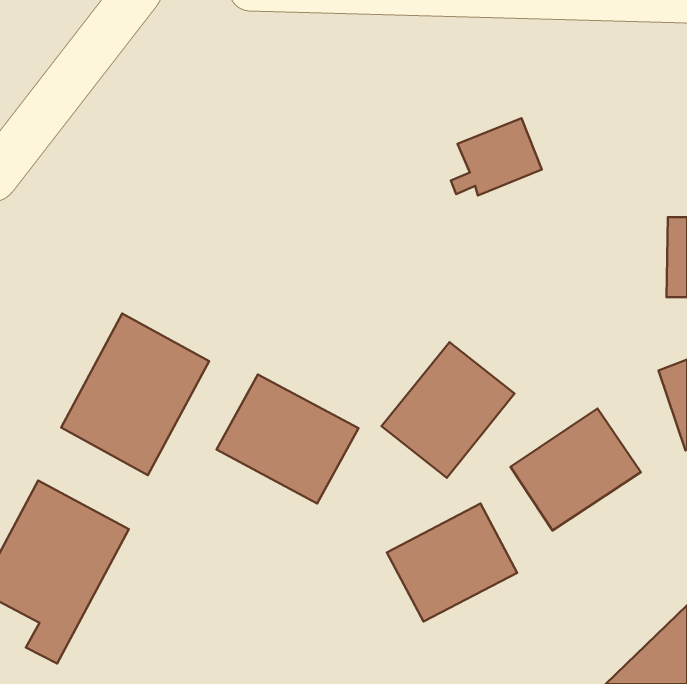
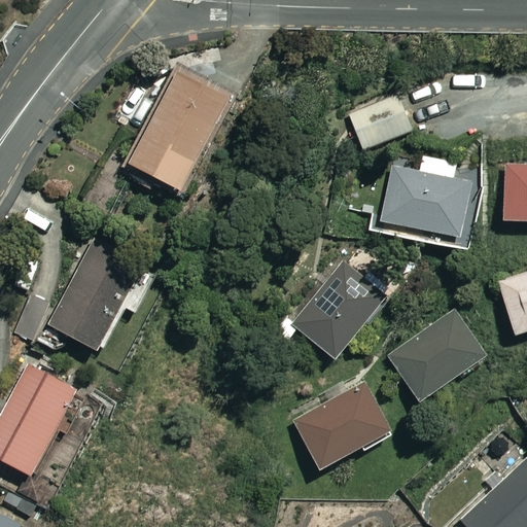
building: none -> [124,63,243,202]
building: none -> [380,154,479,244]
building: [217,374,358,504] -> none

